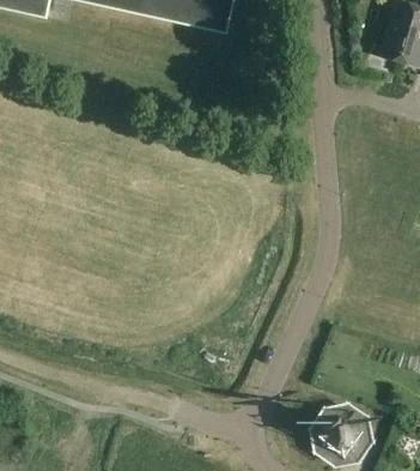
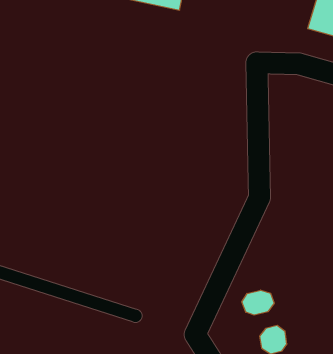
building: none -> [242,290,274,315]

